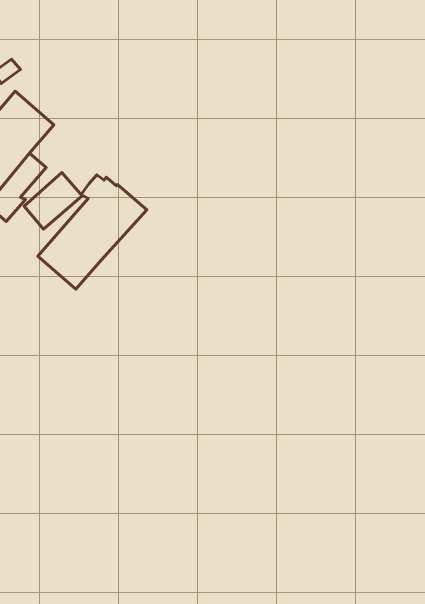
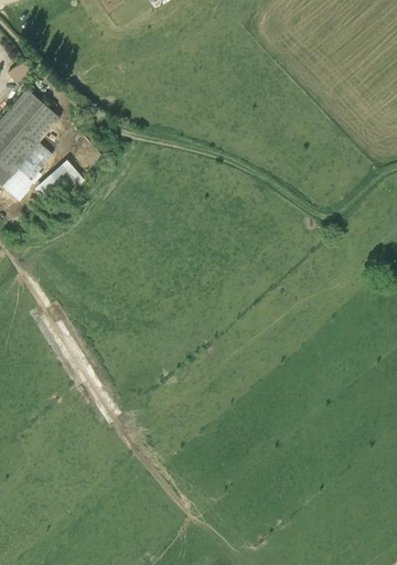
building: [38,175,147,289] -> none

